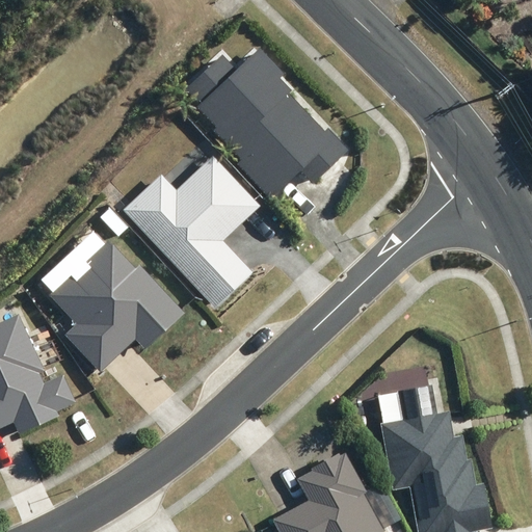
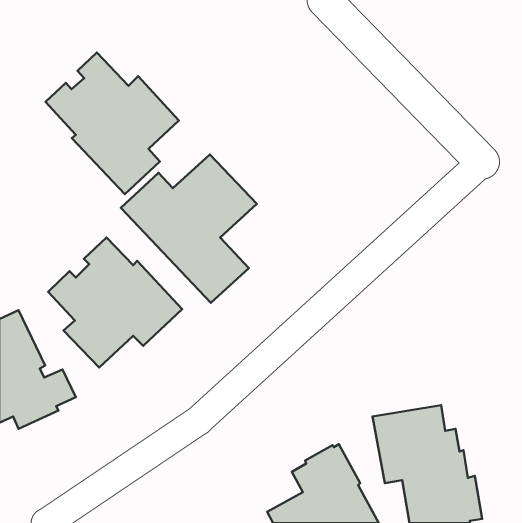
building: [185,49,348,200] -> none
building: none -> [45,53,179,194]

